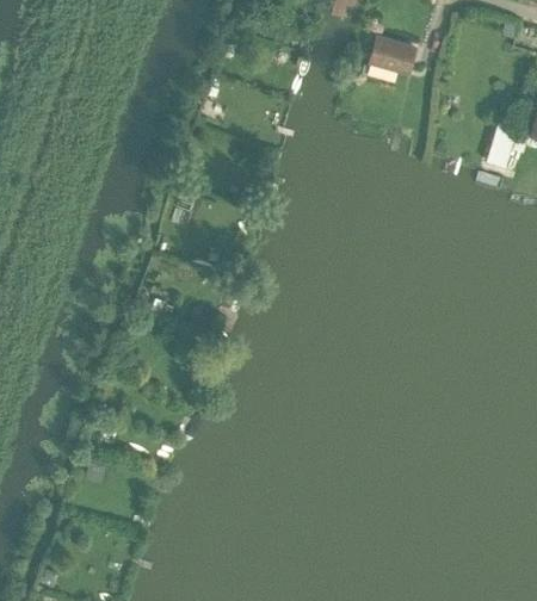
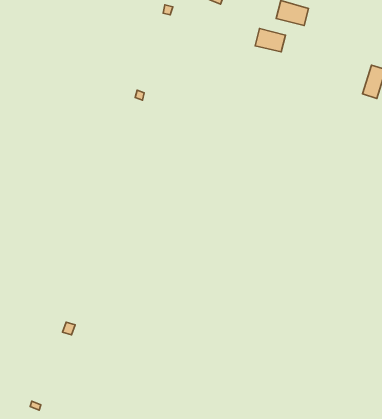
building: none -> [255,29,285,52]

